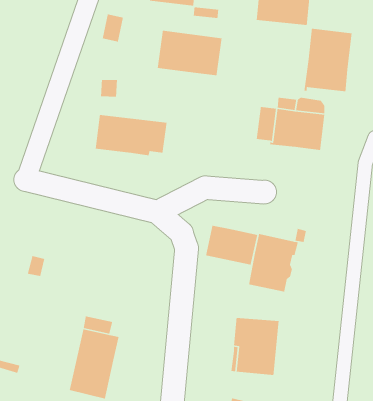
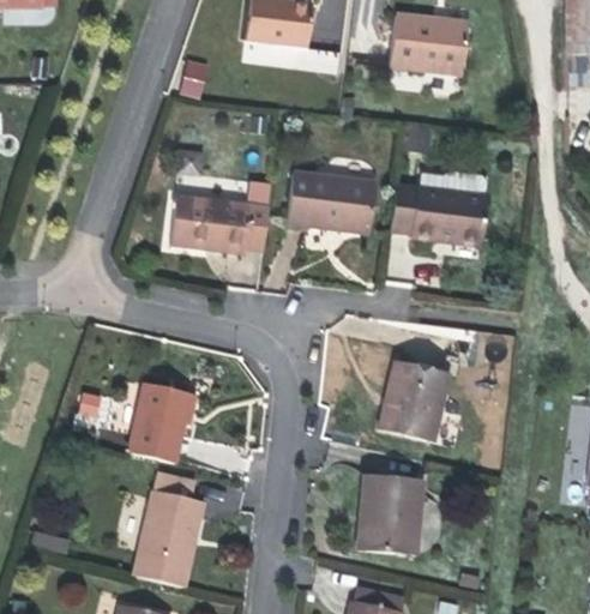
building: [304,28,353,92] -> none
building: [157,30,222,76] -> [287,170,377,234]
building: [205,225,258,265] -> none
building: none -> [128,381,192,462]

